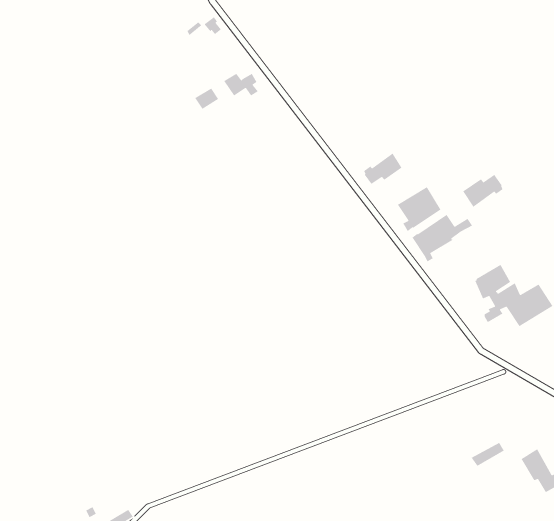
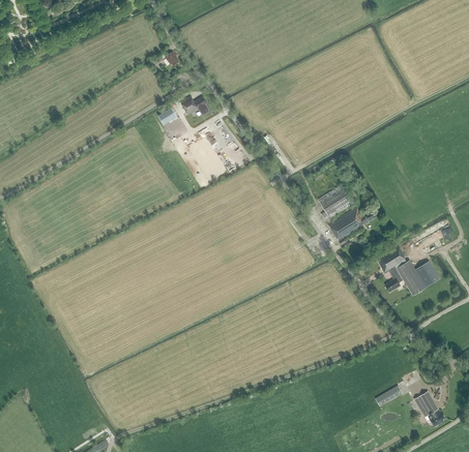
building: [363,153,403,185] -> none
building: [462,174,503,208] -> none

